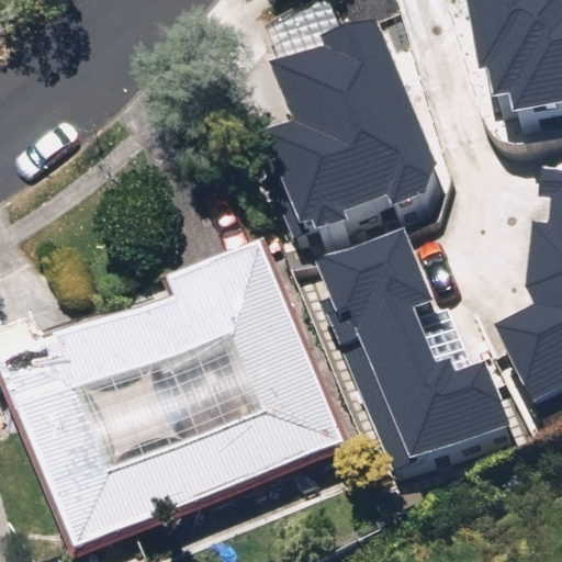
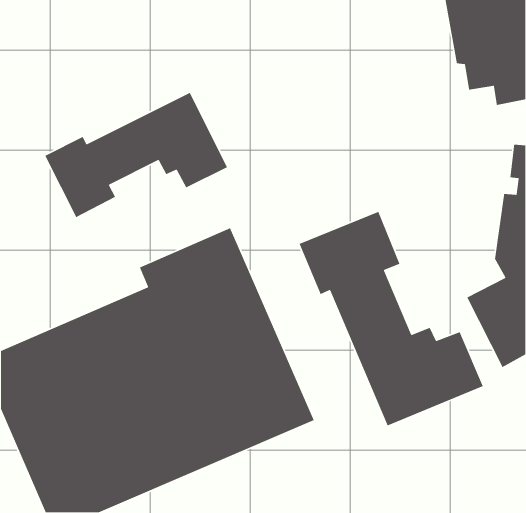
building: [269,13,439,225] -> none
building: none -> [44,92,228,218]

